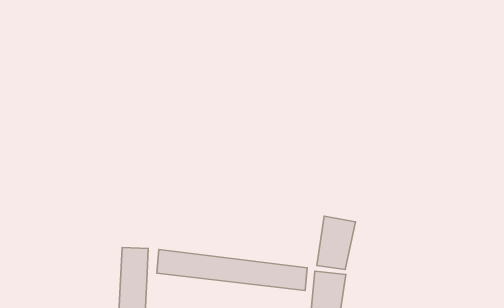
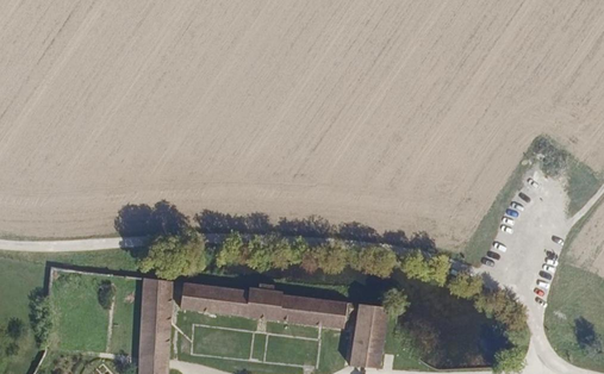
building: [317,216,355,270] -> none

